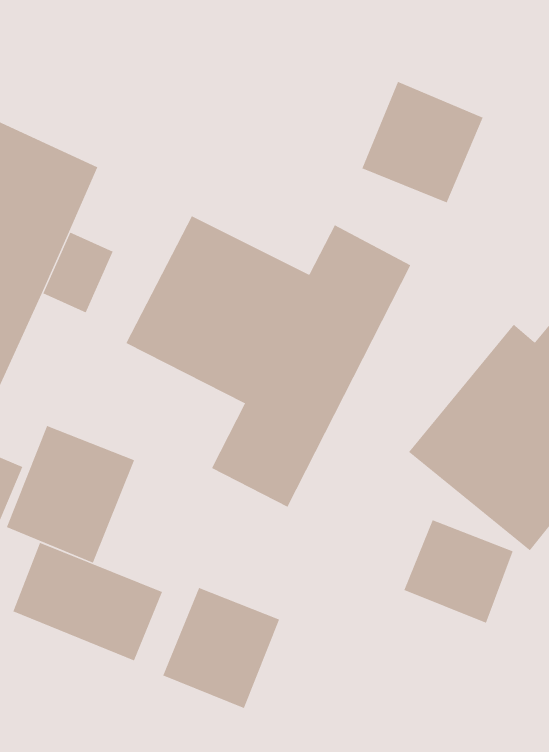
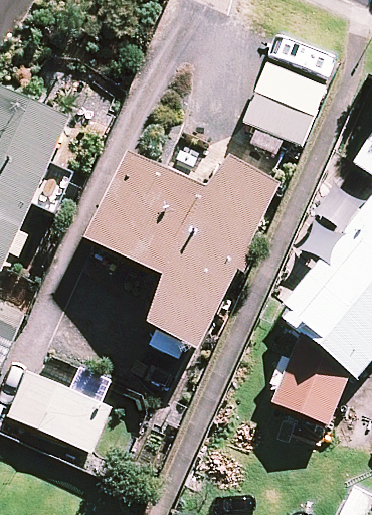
building: [6,425,135,564] -> none
building: [162,587,280,709] -> none

